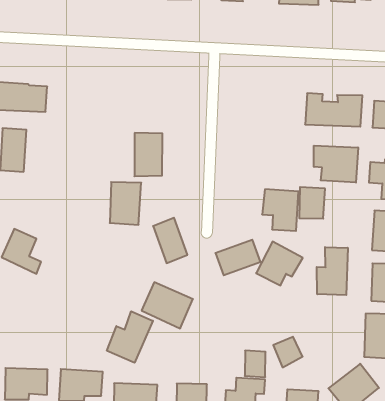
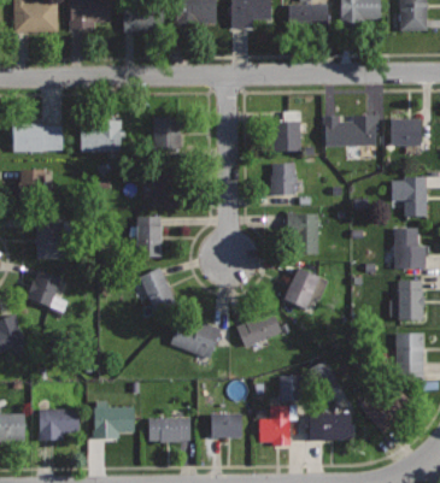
building: none -> [80,119,121,152]
building: none -> [152,118,181,153]
building: none -> [268,122,299,152]
building: [314,146,358,183] -> none
building: none -> [36,217,65,259]
building: [299,187,325,219] -> [269,164,294,195]
building: [153,218,187,263] -> [140,266,176,312]
building: [215,240,261,275] -> [235,310,281,347]
building: [317,247,348,295] -> none
building: [107,311,153,363] -> none

